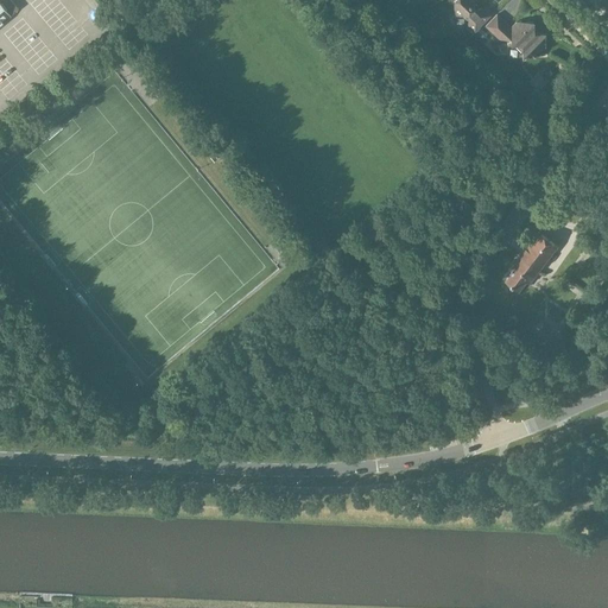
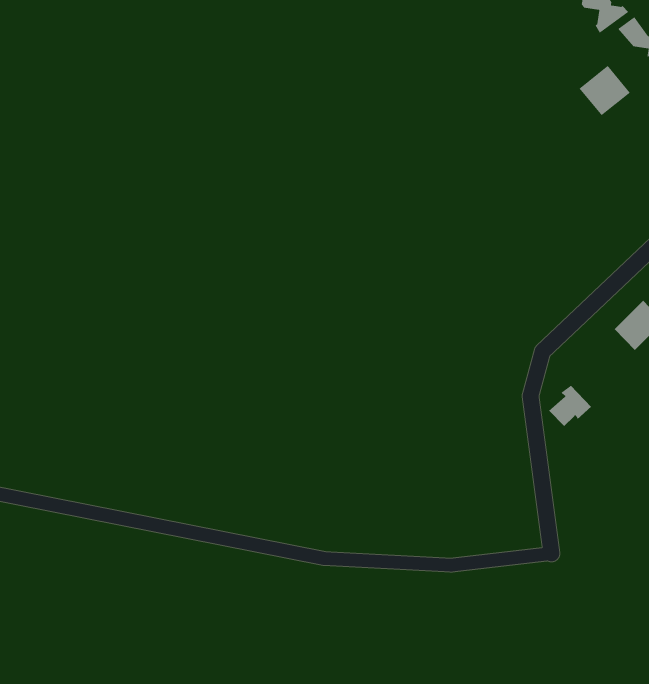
building: none -> [579,65,631,116]
building: [507,258,540,291] -> [548,385,592,427]

